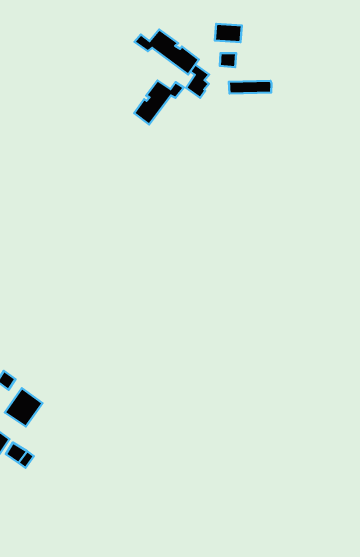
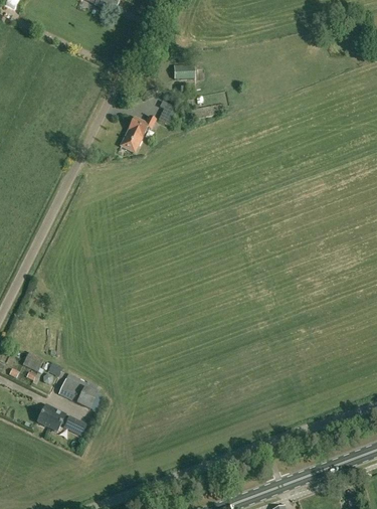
building: [134,30,199,75] -> none
building: none -> [75,380,101,409]

